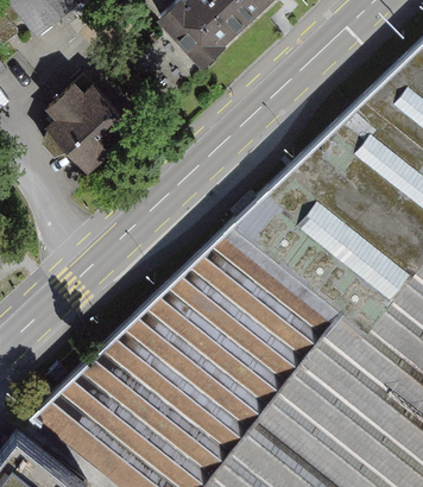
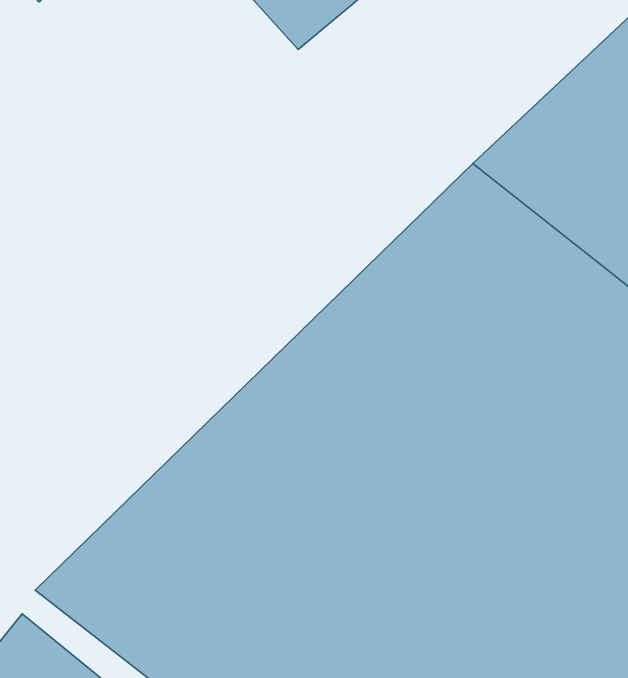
building: [49,83,137,171] -> none

